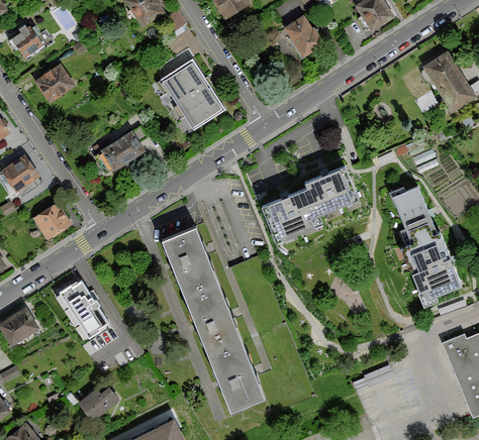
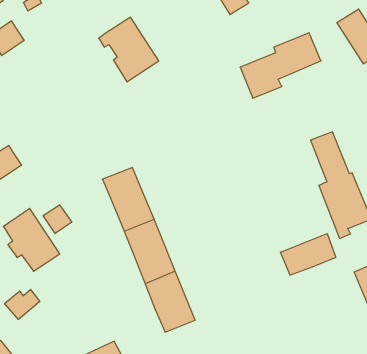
building: [93,125,147,173] -> none
building: [267,166,357,238] -> [240,33,321,98]
building: none -> [43,205,72,234]
building: none -> [281,234,336,275]
building: [78,386,117,419] -> [4,289,40,319]

